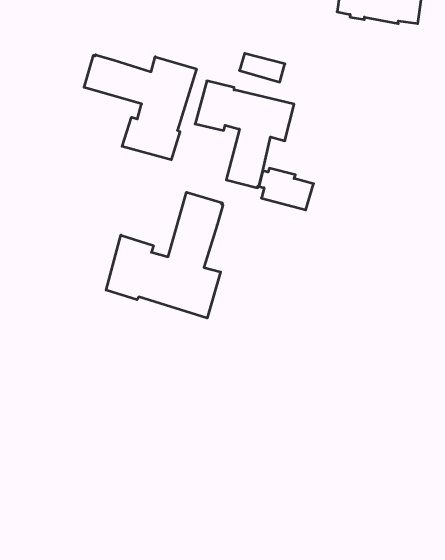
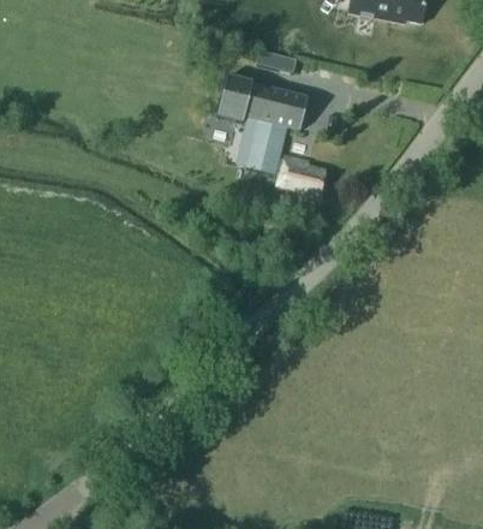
building: [84,55,196,160] -> none
building: [106,192,223,318] -> none

